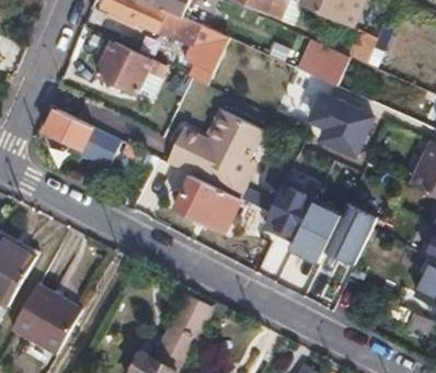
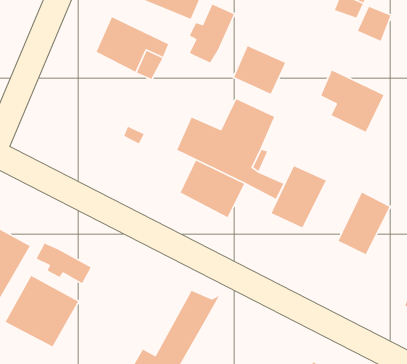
building: [300,38,351,86] -> [233,45,286,95]
building: [44,106,121,163] -> none
building: [291,199,345,261] -> none
building: none -> [36,242,92,284]

